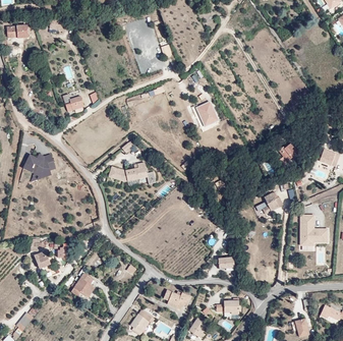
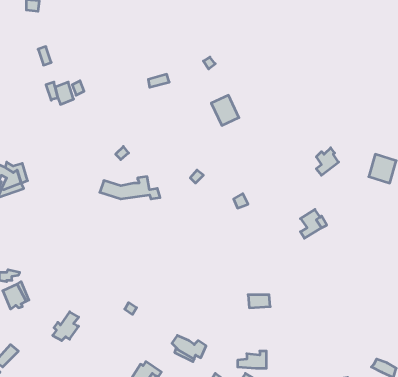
building: [296,217,323,246] -> none

